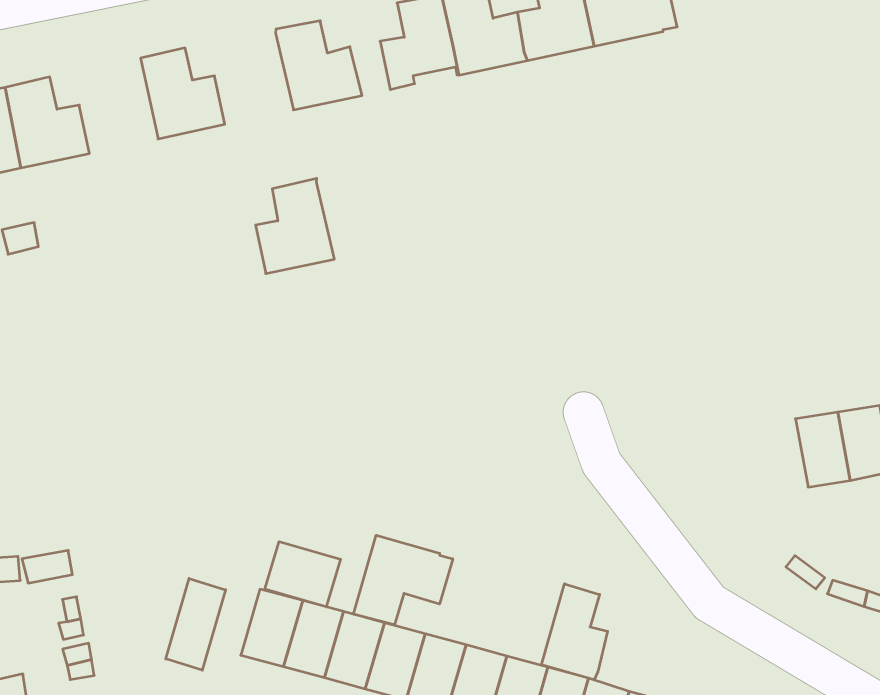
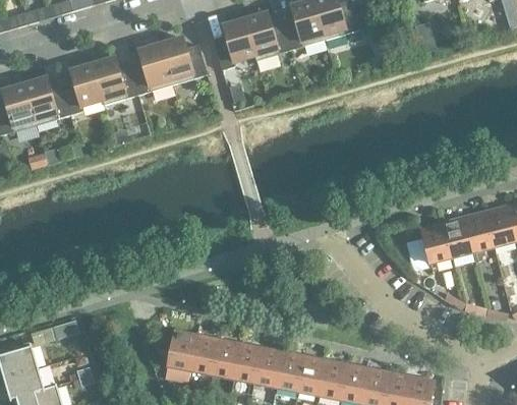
building: none -> [63,63,105,114]
building: [256,178,334,274] -> [131,43,173,94]
building: none -> [408,222,452,270]
building: [354,535,453,625] -> none
building: [265,542,341,607] -> none
building: [166,578,226,670] -> none
building: [542,584,608,680] -> none

